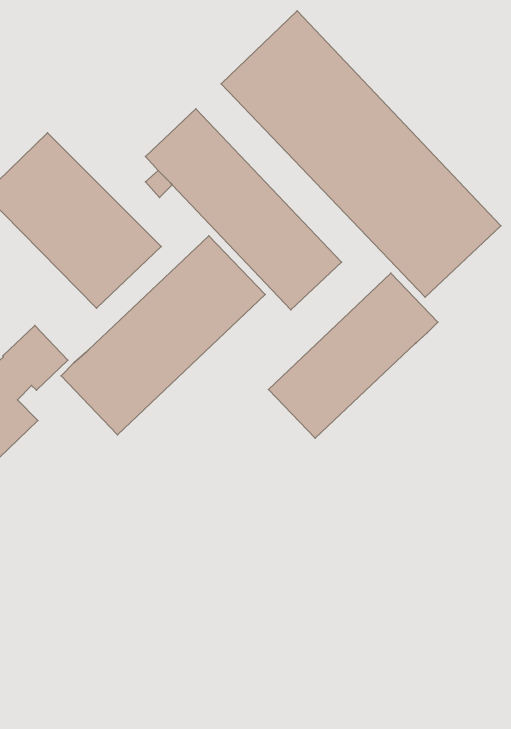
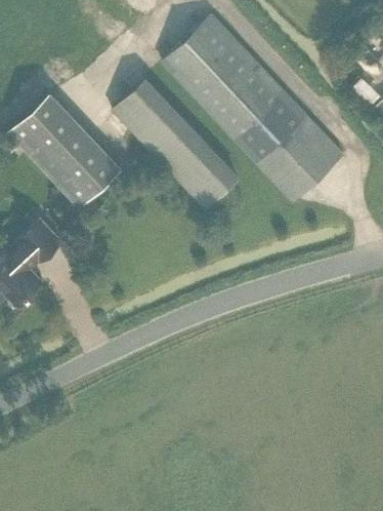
building: [61,236,265,435] -> none
building: [268,273,438,438] -> none

